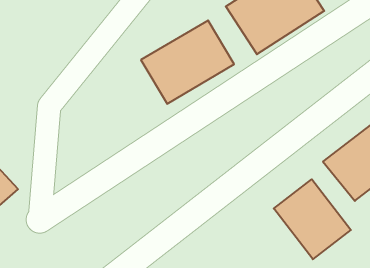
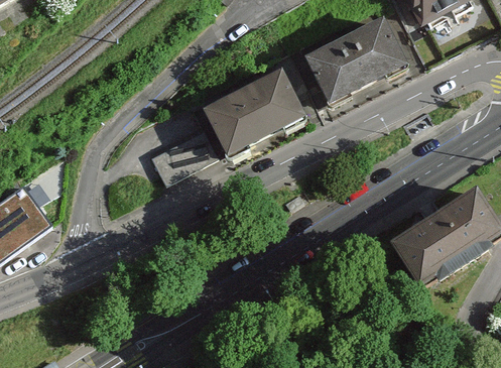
building: none -> [153,132,220,187]
building: [274,179,351,259] -> none

